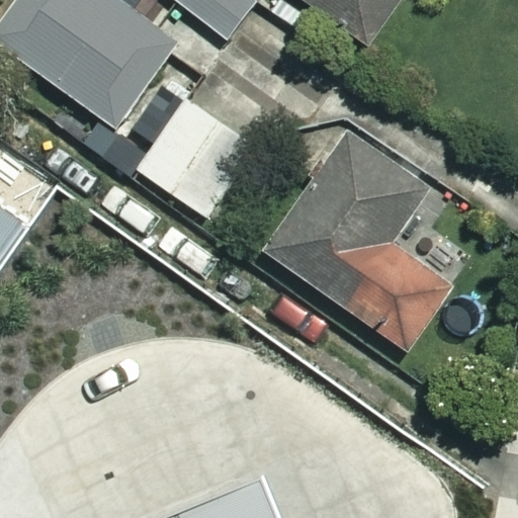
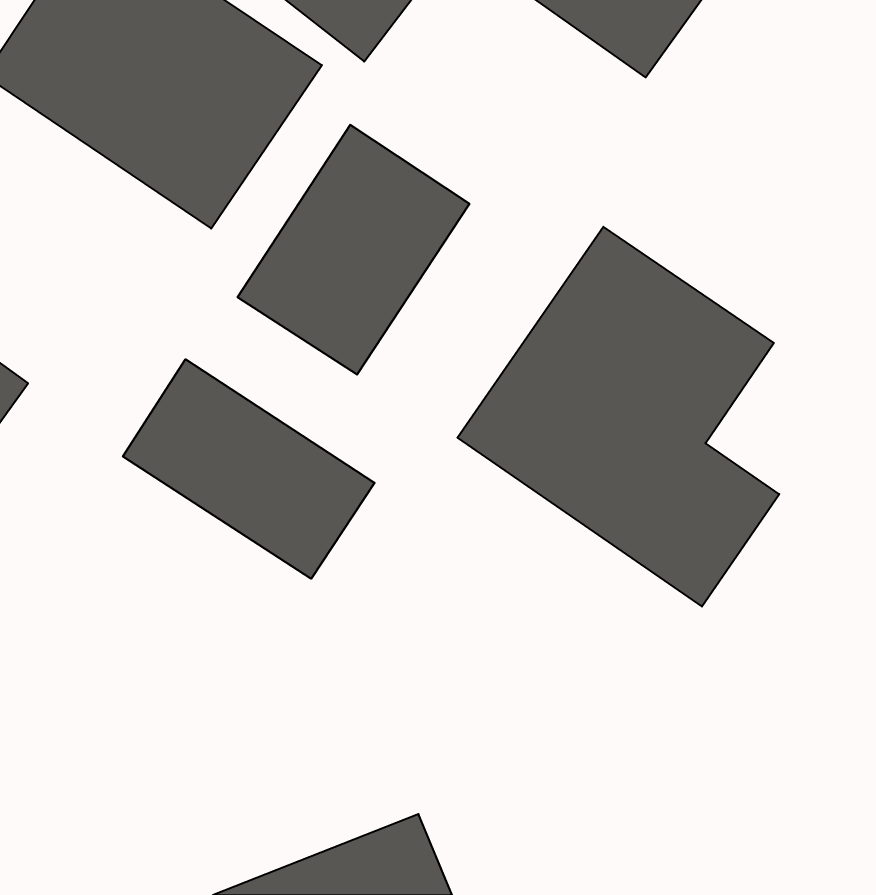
building: none -> [123,359,375,579]

